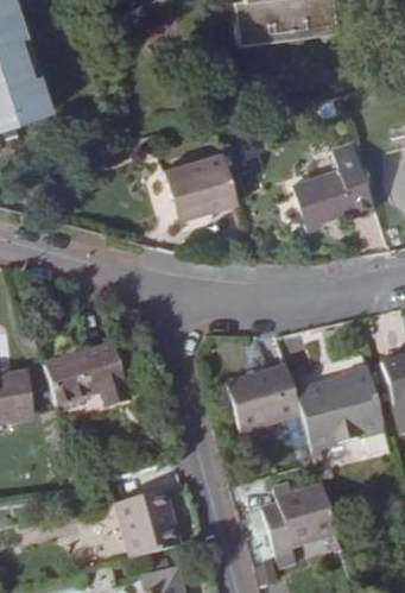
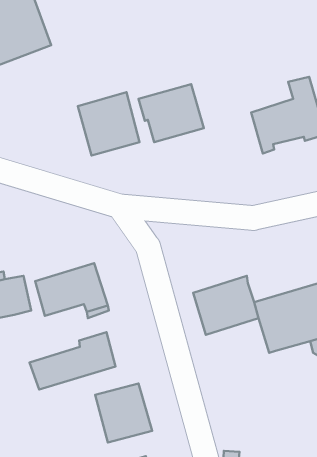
building: none -> [78,92,139,155]
building: none -> [30,332,116,390]
building: [260,485,334,557] -> none

